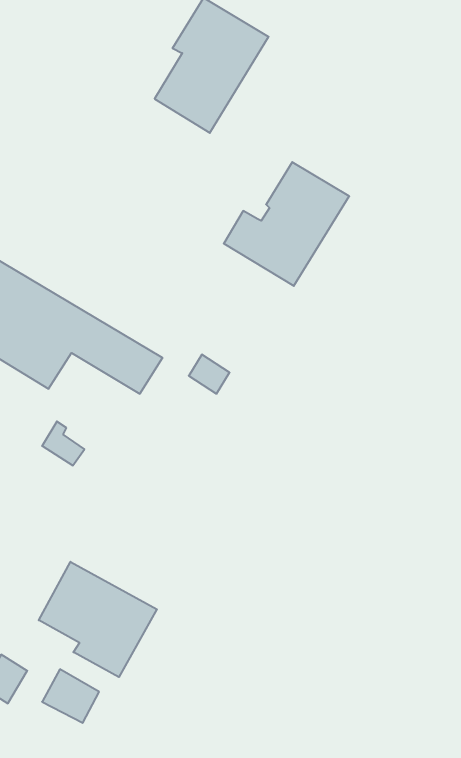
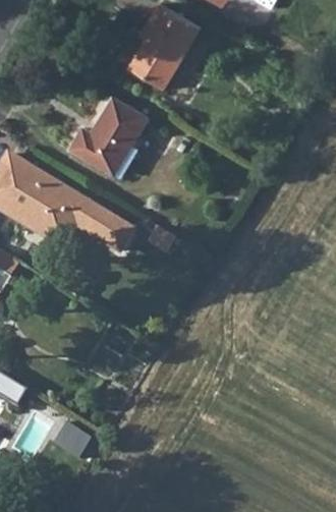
building: [224,162,349,286] -> [69,96,148,173]
building: [39,562,157,677] -> none

